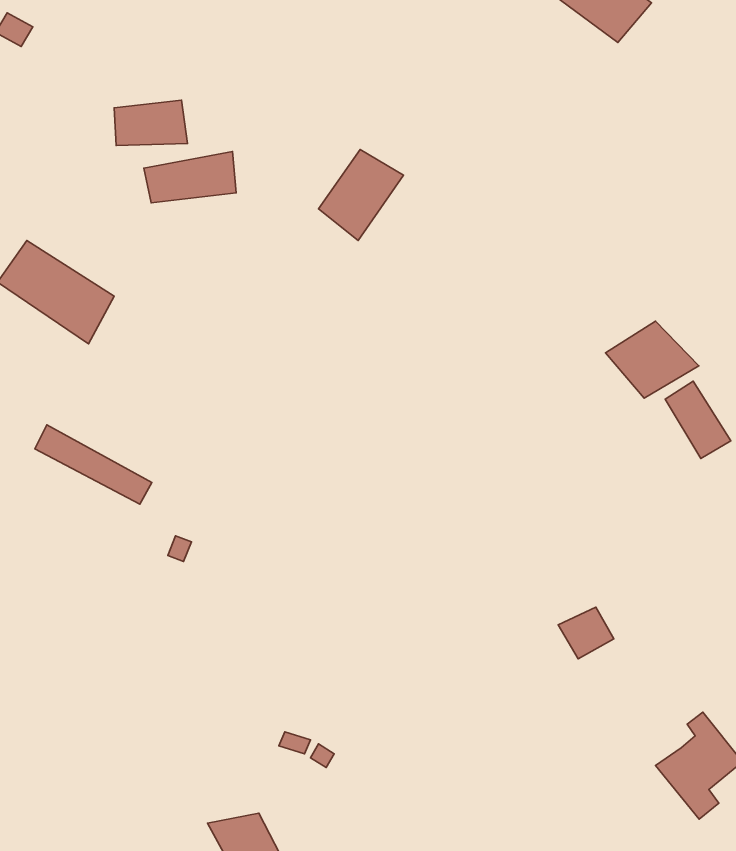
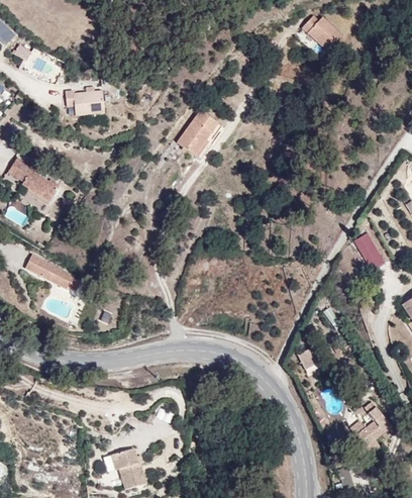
building: [144,152,236,203] -> none
building: [606,321,699,398] -> none

